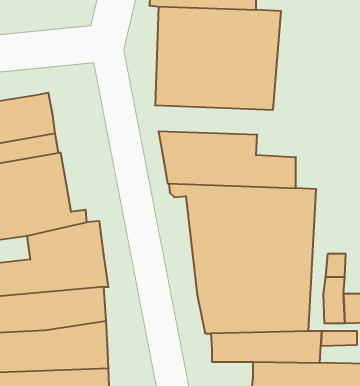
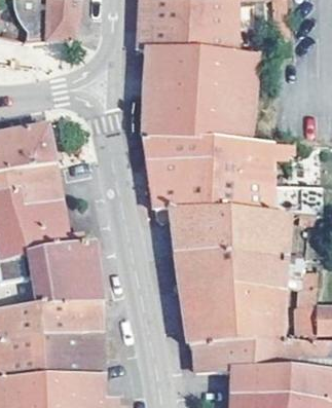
building: none -> [145,138,289,185]

